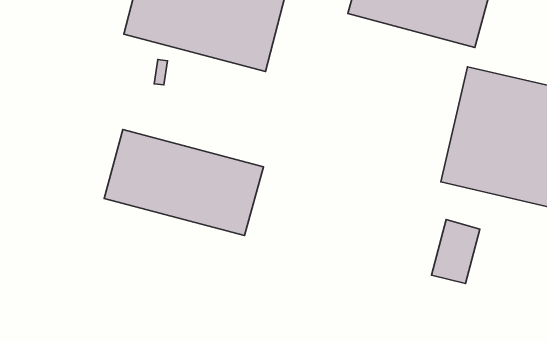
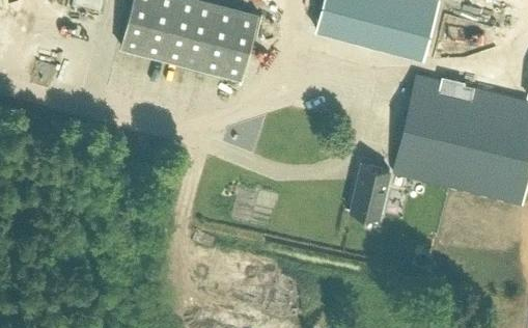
building: [104,130,263,236] -> none
building: [431,219,480,283] -> [351,165,392,220]

